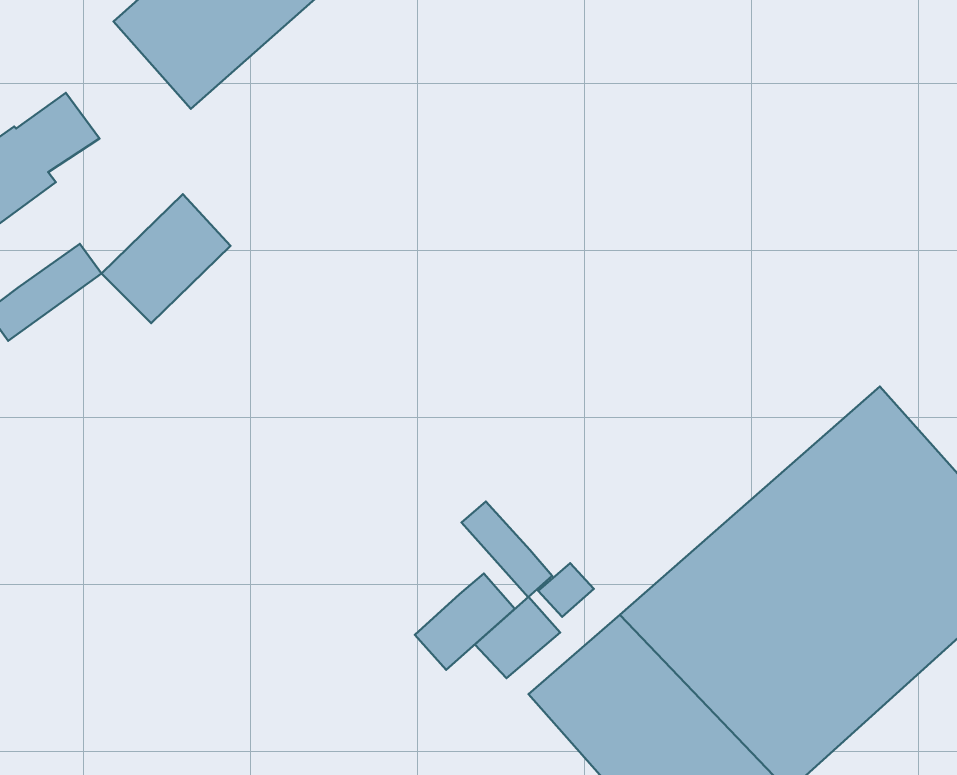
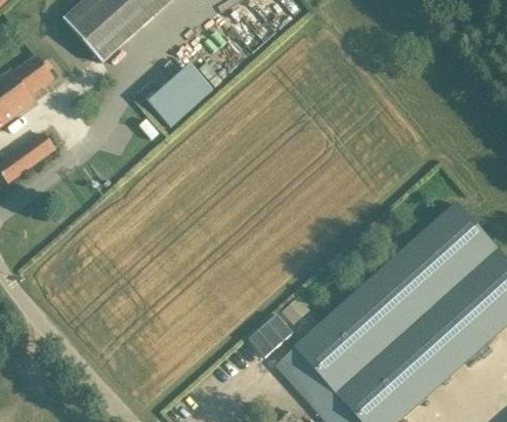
building: [102,194,231,323] -> [144,59,211,126]
building: [462,501,552,597] -> none
building: [415,574,515,670] -> none

